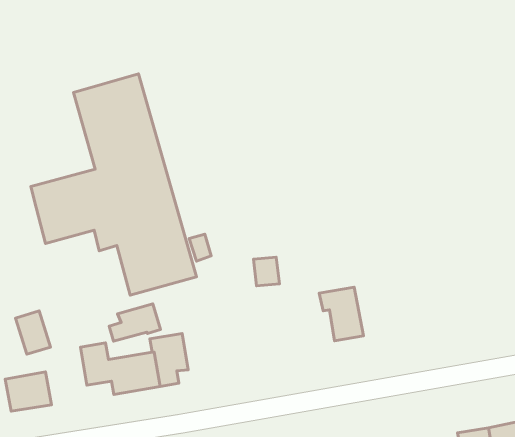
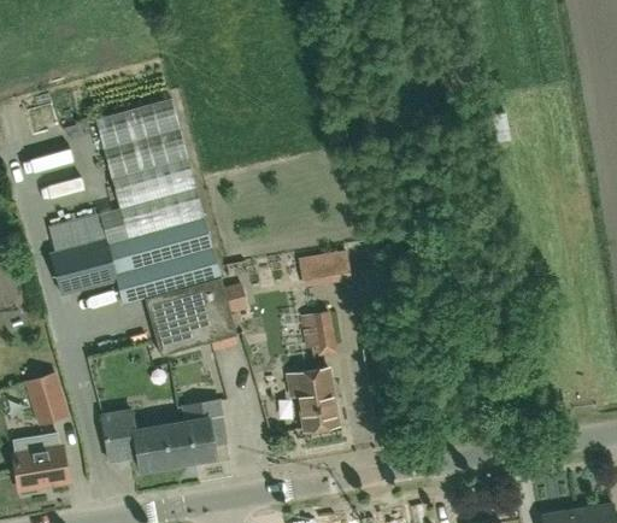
building: none -> [302,252,355,289]
building: [319,287,364,341] -> [287,368,339,430]
building: [109,304,161,341] -> none

